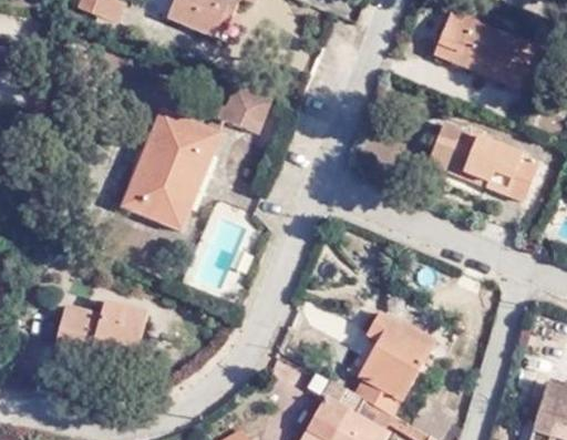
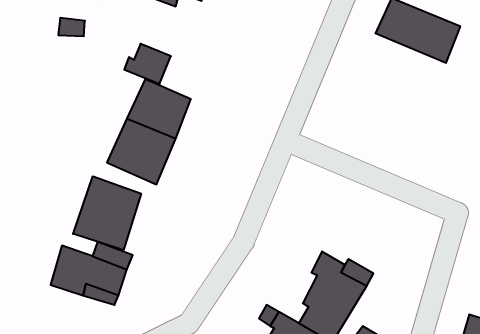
building: [219,84,274,131] -> [124,44,171,84]
building: [426,121,538,205] -> none
building: none -> [73,176,141,250]

